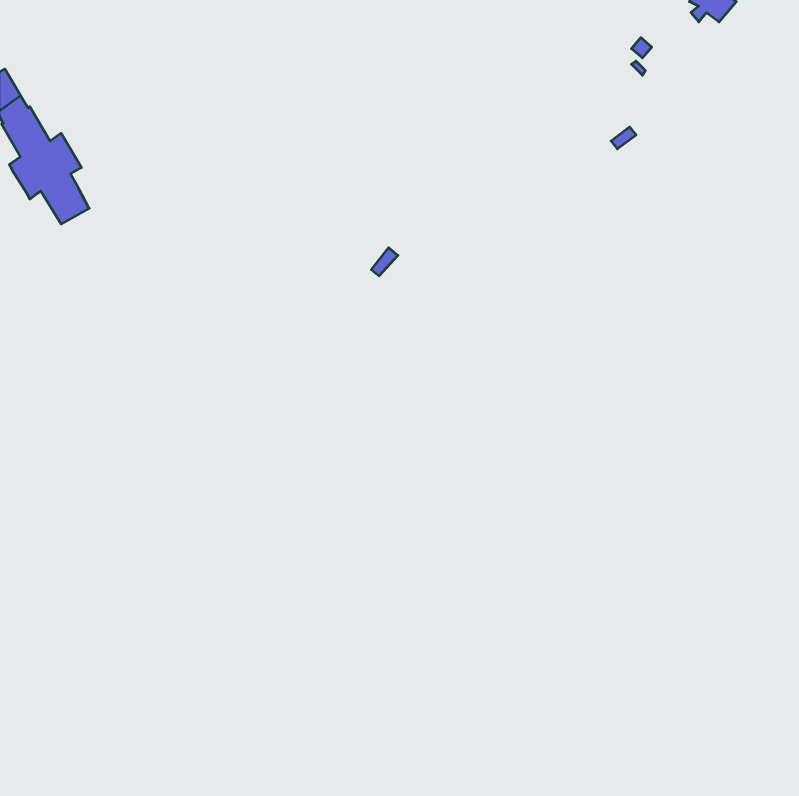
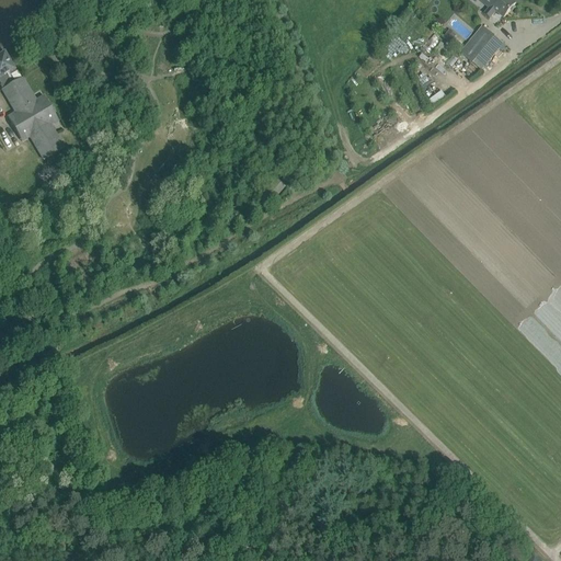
building: none -> [459,24,506,68]

